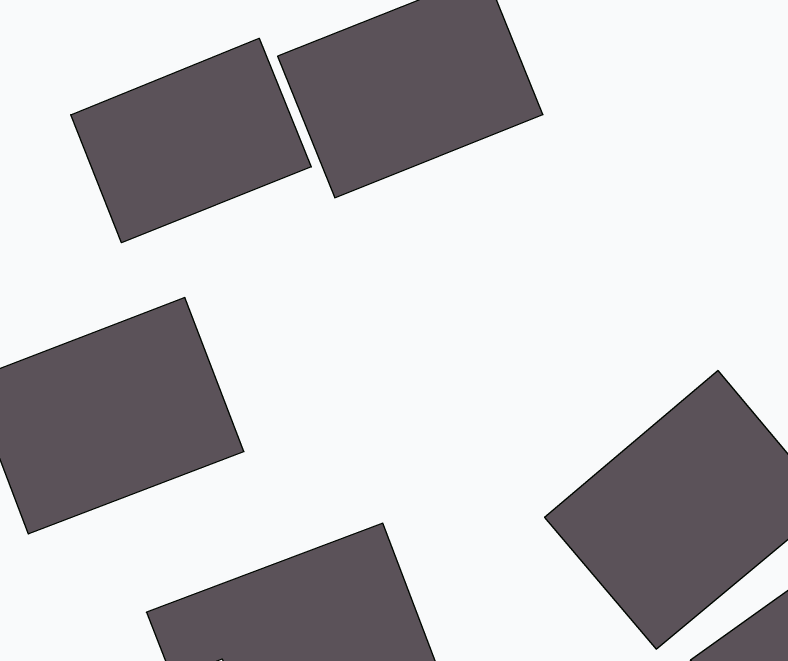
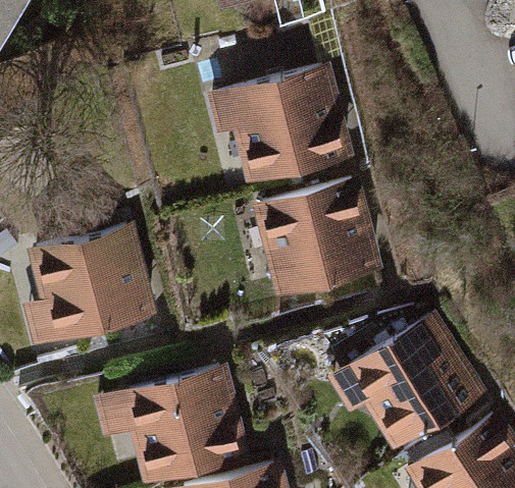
building: [71,38,311,243] -> none
building: none -> [251,180,385,297]

